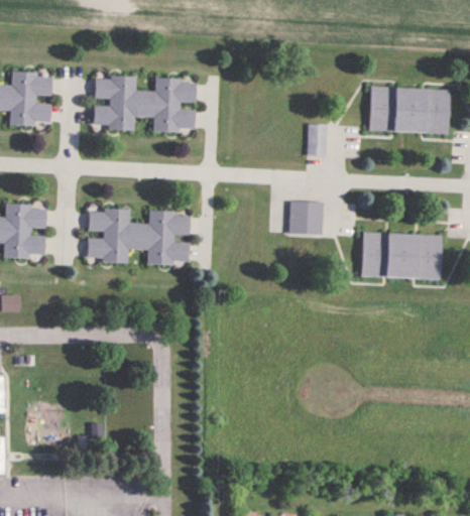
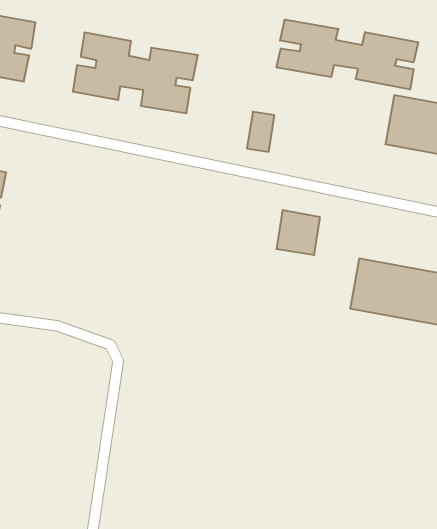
building: none -> [277,19,418,90]
building: [308,125,327,157] -> [247,112,274,152]
building: [87,209,190,264] -> none

